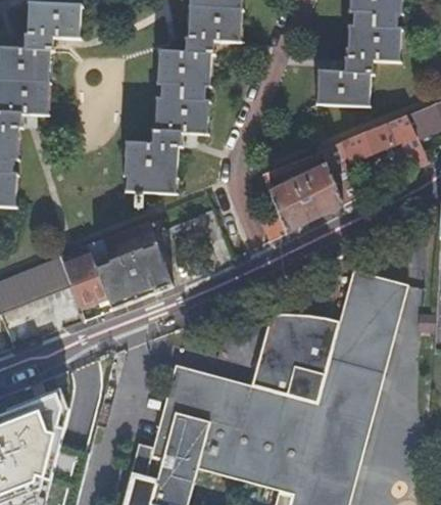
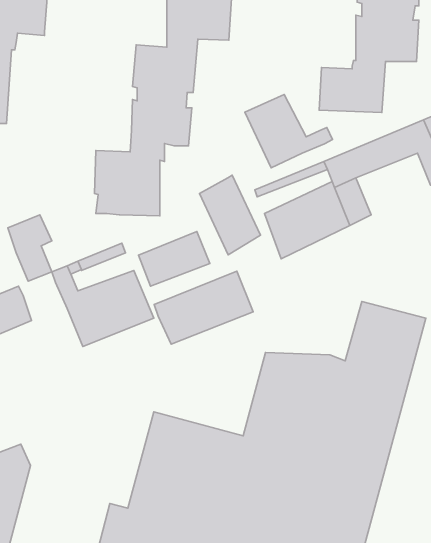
building: none -> [245,94,333,168]
building: none -> [199,175,261,255]
building: none -> [154,271,253,344]
building: [62,252,100,310] -> [8,215,52,281]

